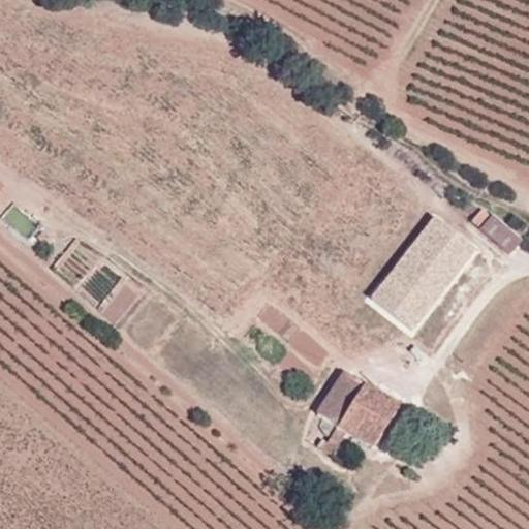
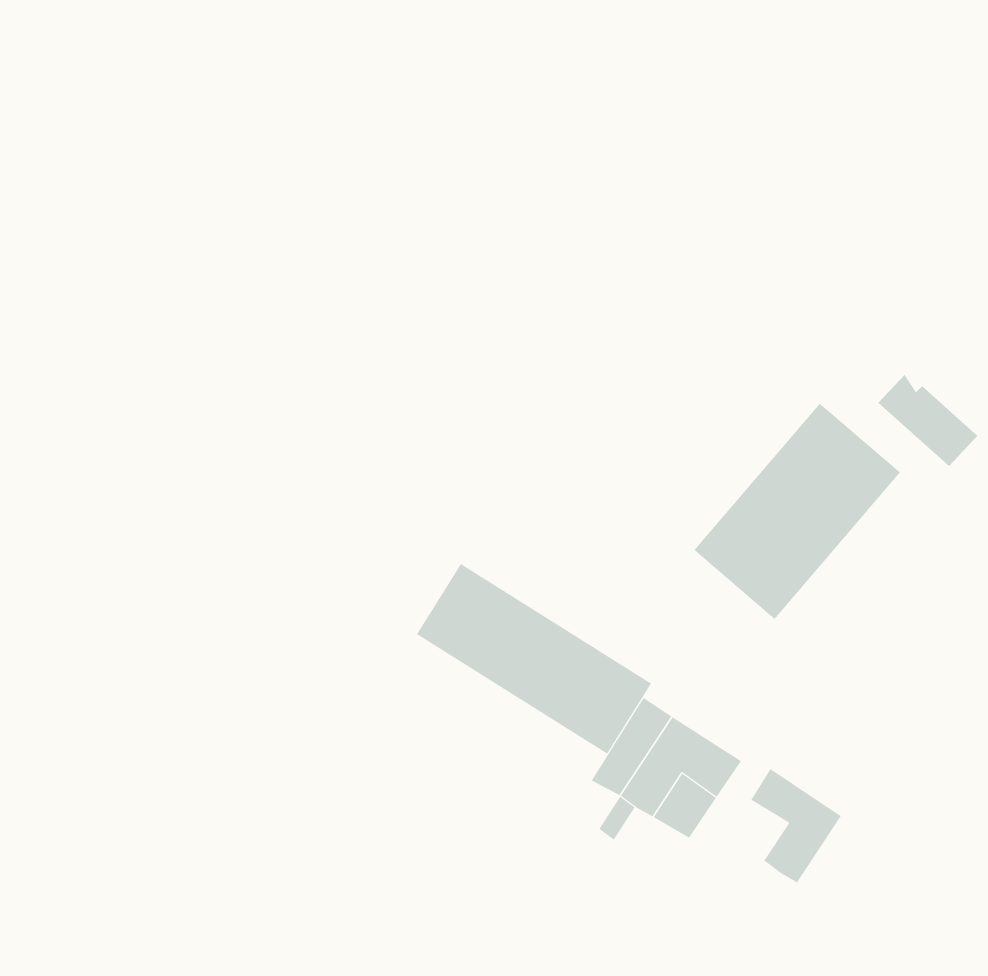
building: none -> [416,563,652,754]
building: none -> [751,768,841,883]

